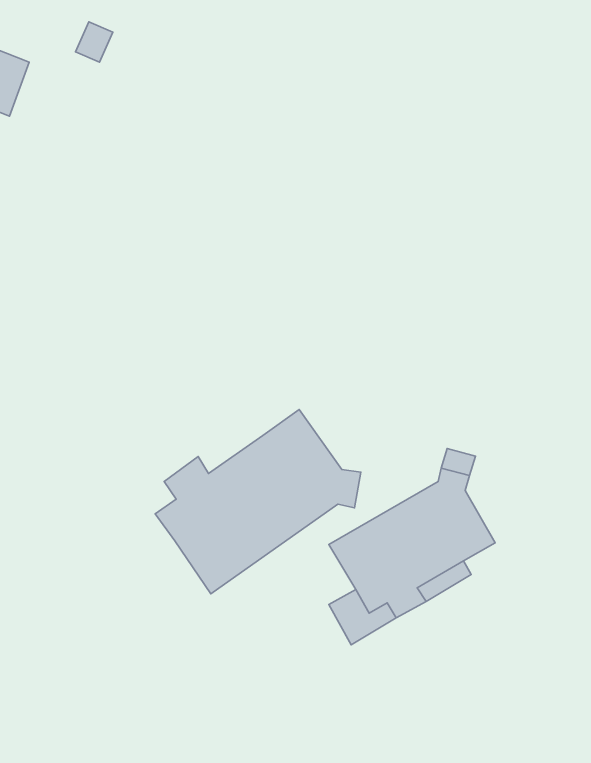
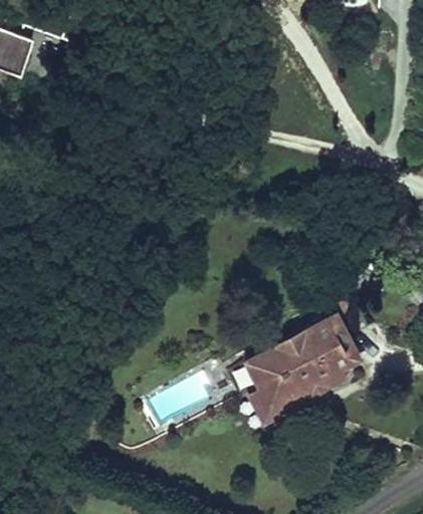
building: [155,410,361,594] -> none

